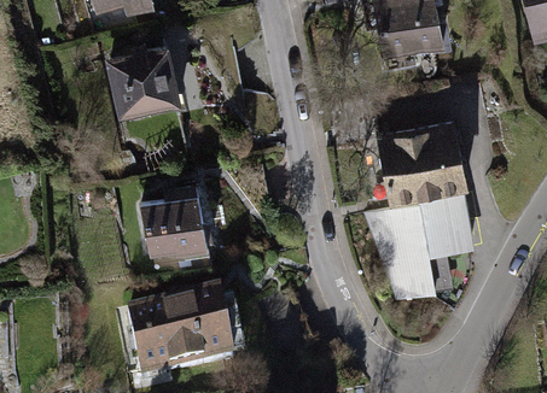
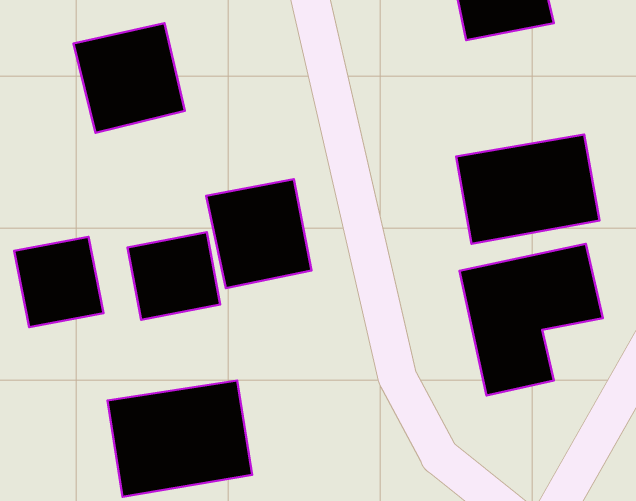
building: none -> [206,179,311,288]
building: none -> [14,237,104,327]

